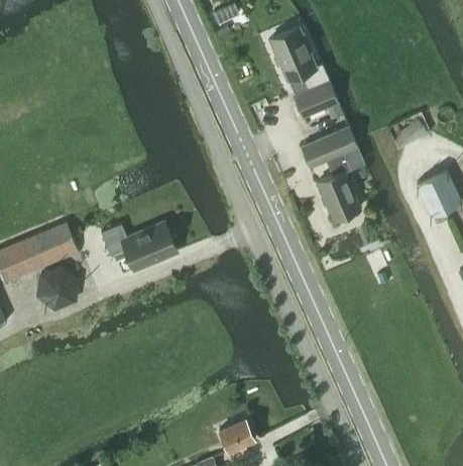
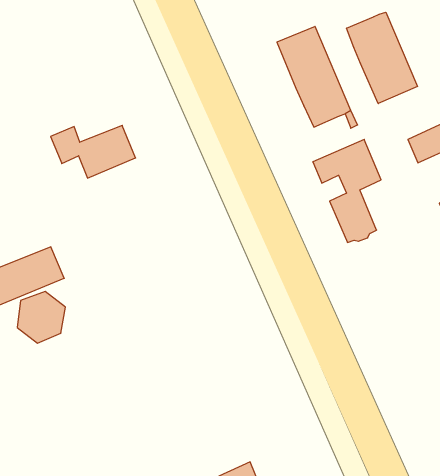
building: none -> [347,12,417,104]
building: [101,224,178,272] -> [51,125,136,178]

